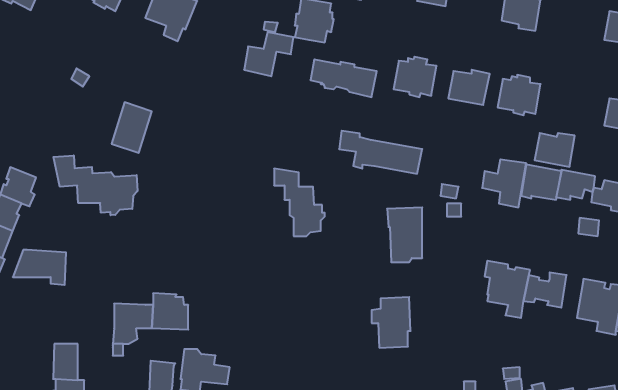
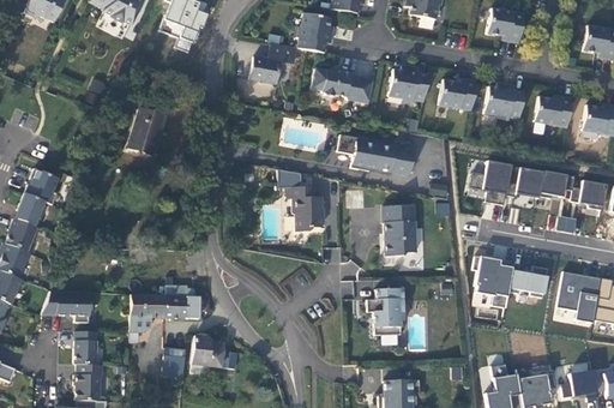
building: [535,133,575,167] -> [535,96,572,127]
building: [53,155,138,215] -> none
building: [13,250,66,285] -> [41,290,90,323]

